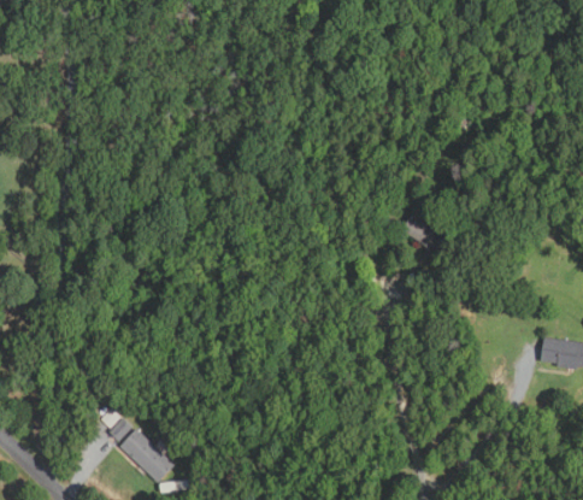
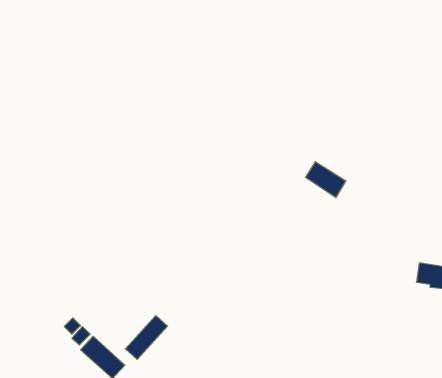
building: none -> [125,316,168,359]

